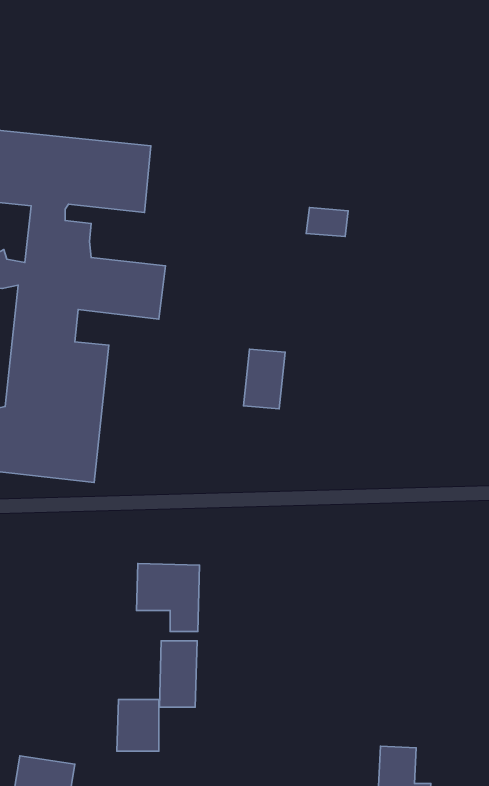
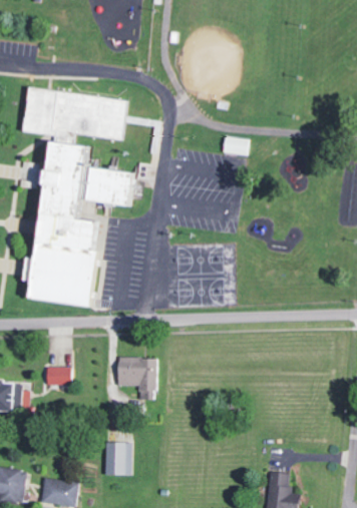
building: [244,349,285,409] -> none
building: none -> [46,366,71,385]
building: [159,641,197,707] -> none

